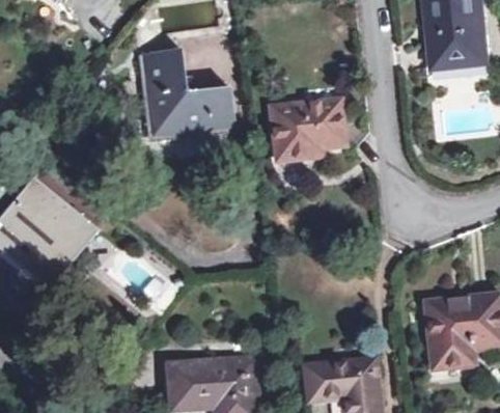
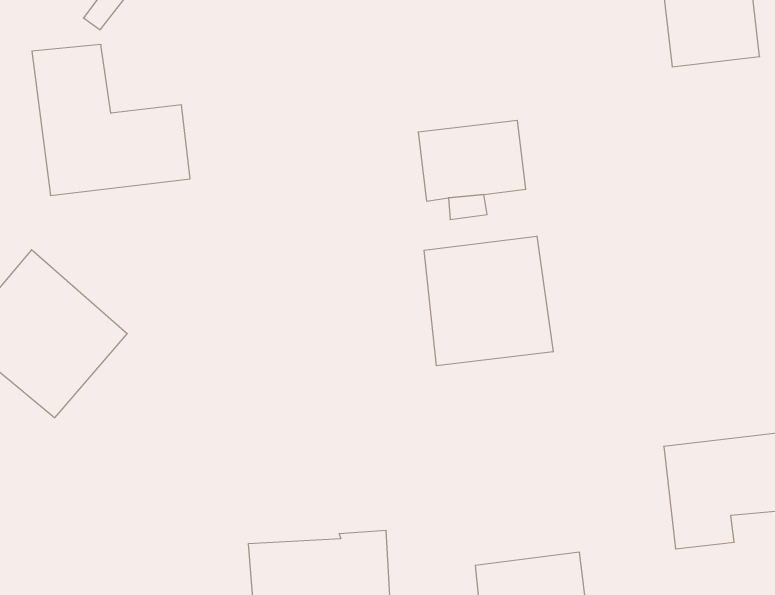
building: [139,51,237,144] -> [32,44,190,196]
building: none -> [424,236,553,366]

